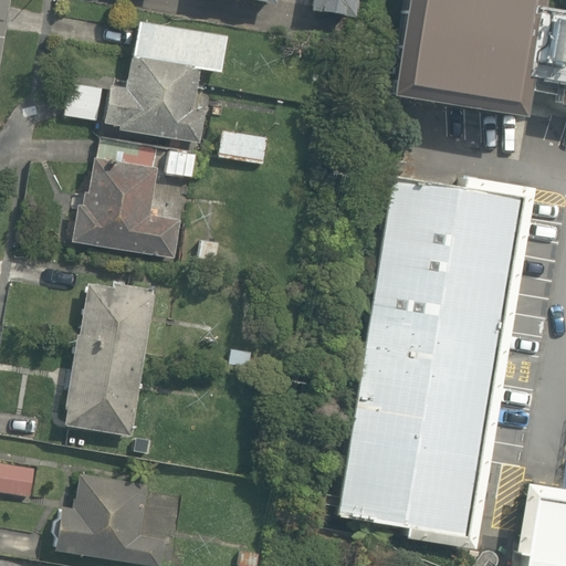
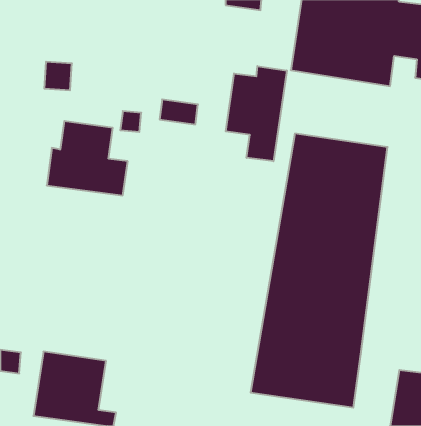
building: [103,22,226,145] -> none
building: none -> [226,66,287,161]
building: [63,281,153,433] -> none

